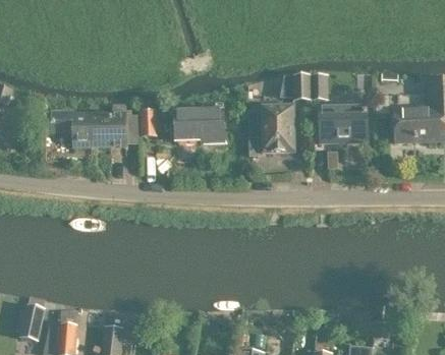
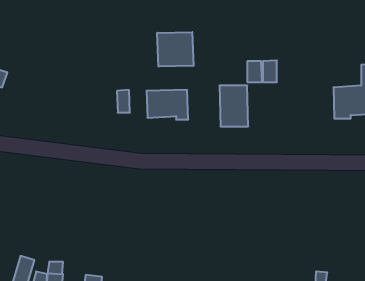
building: none -> [157,32,193,67]
building: [320,103,368,142] -> none
building: [51,104,125,146] -> none

